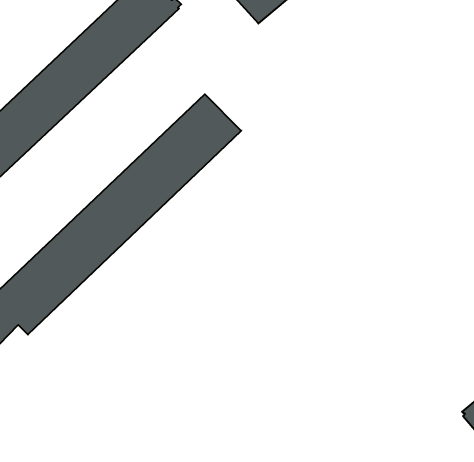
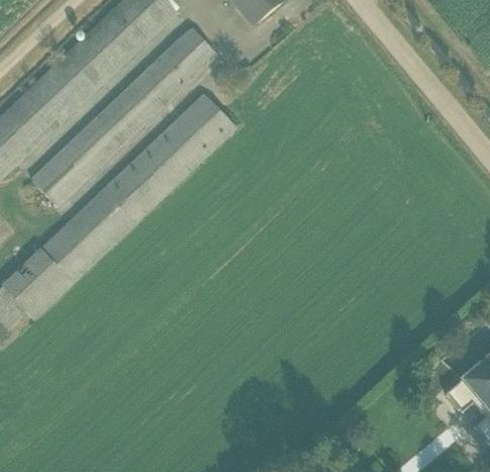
building: none -> [31,24,217,204]

